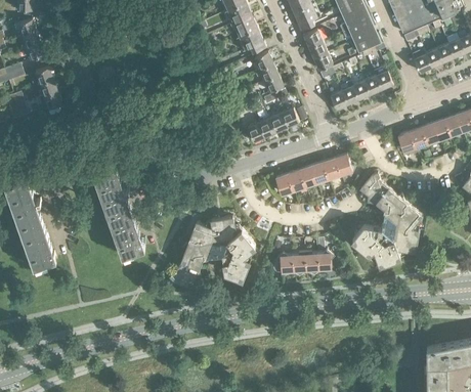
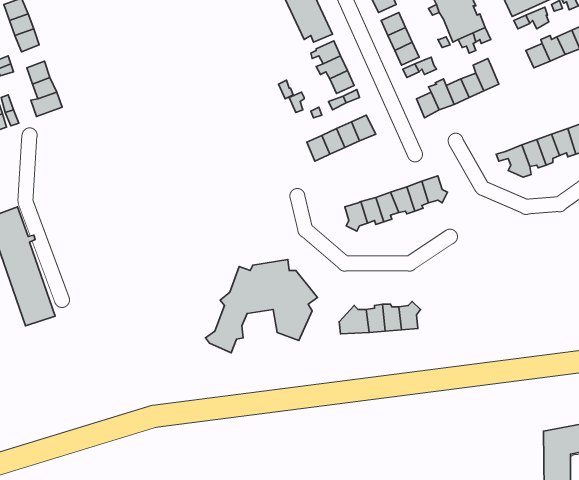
building: [93,166,144,256] -> none
building: [351,173,420,264] -> none

